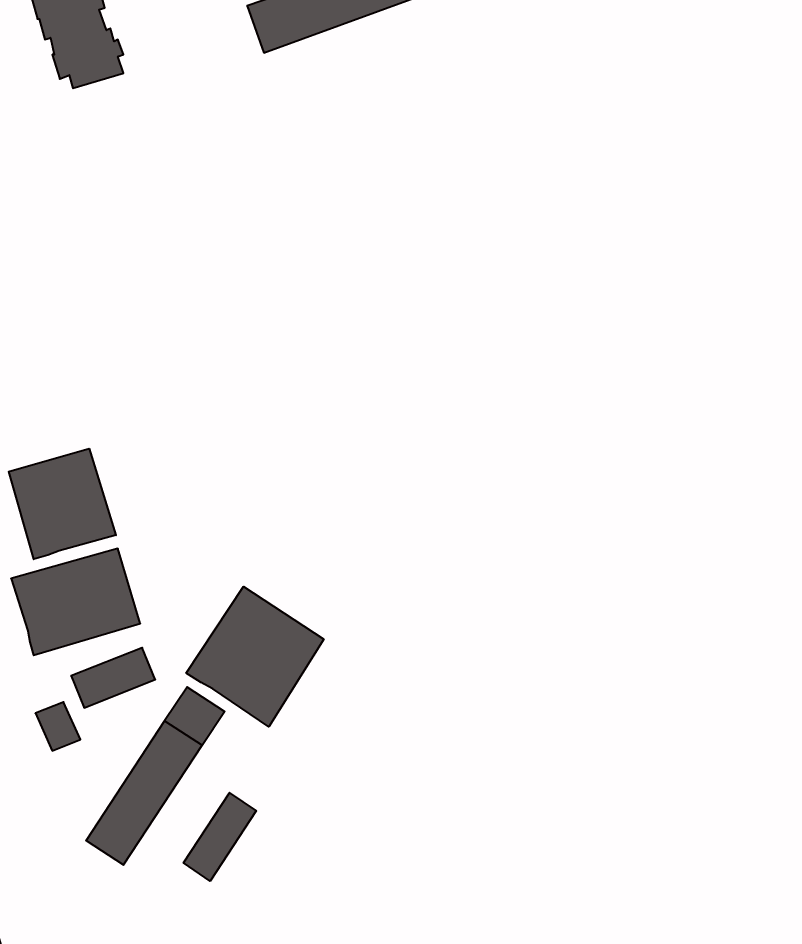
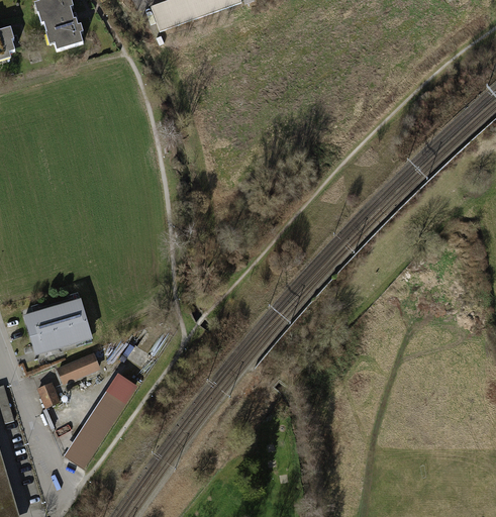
building: [9,449,116,559] -> none
building: [186,587,324,727] -> none
building: [184,793,256,881] -> none

